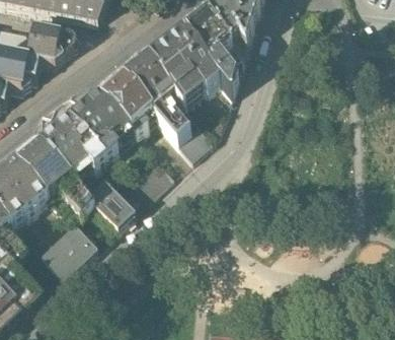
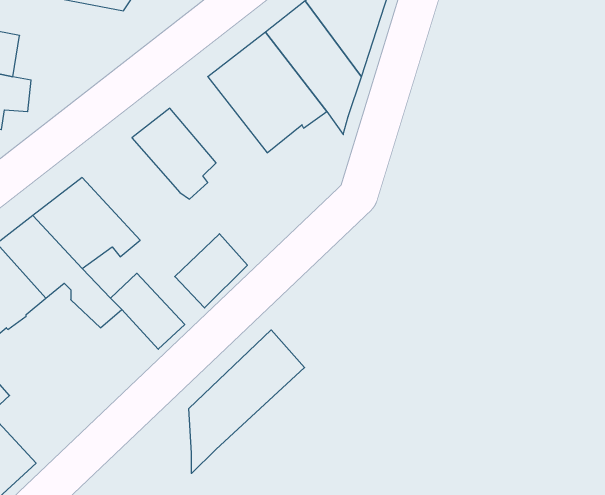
building: [27,20,71,64] -> none
building: [124,58,209,155] -> none
building: [70,95,130,158] -> none
building: none -> [189,330,305,473]
building: [41,220,95,275] -> none

